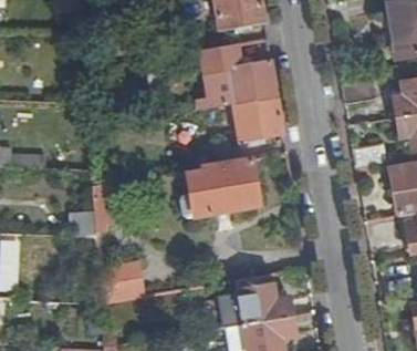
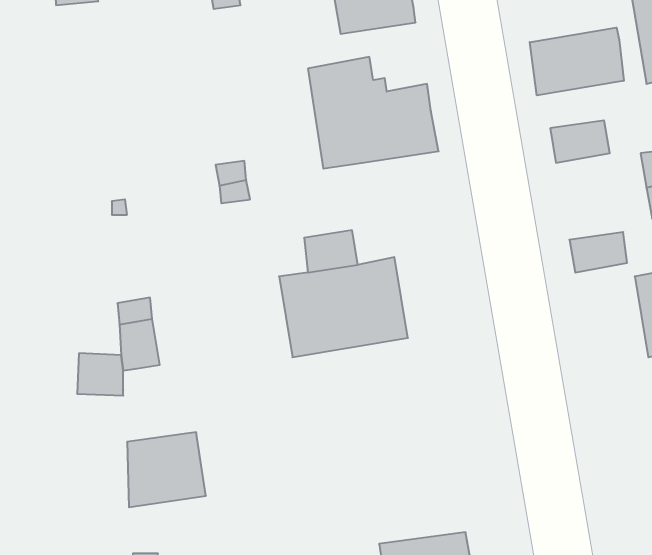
building: none -> [530,28,624,95]
building: [233,97,284,141] -> none
building: [237,275,293,323] -> none

